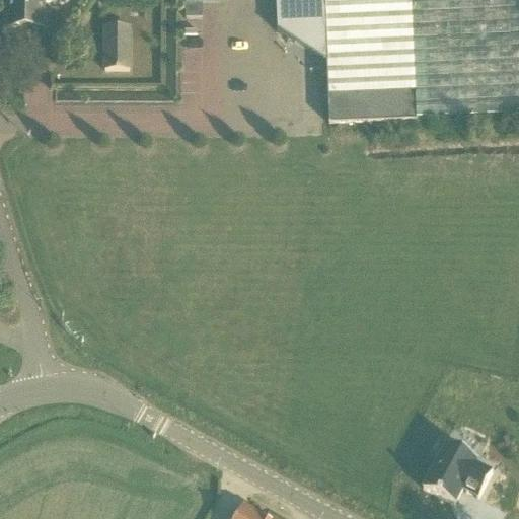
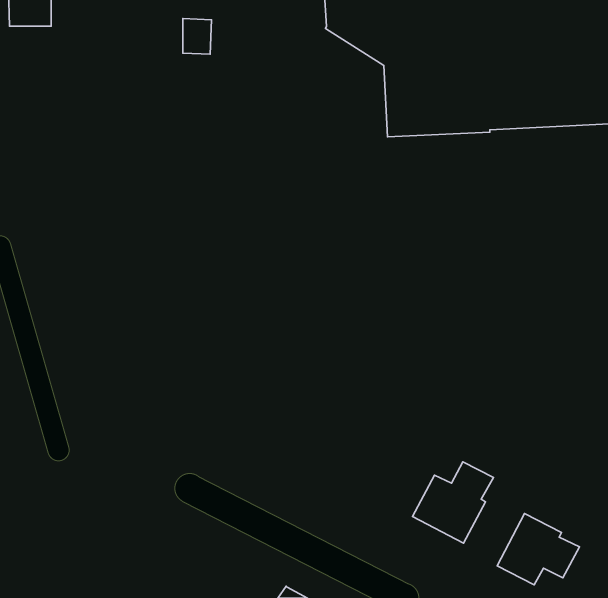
building: [106,33,131,64] -> [183,19,212,54]
building: none -> [413,462,494,543]

